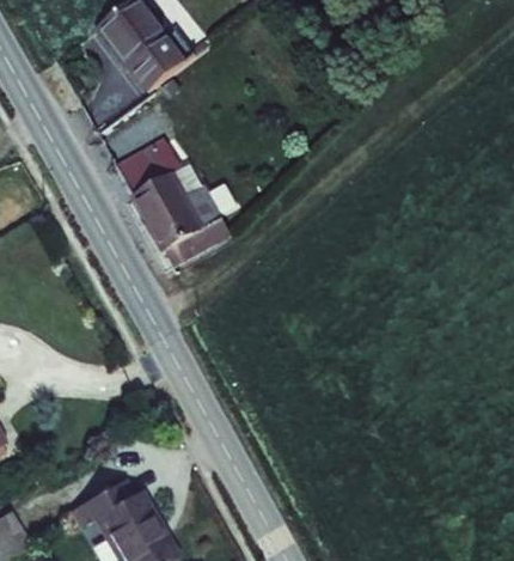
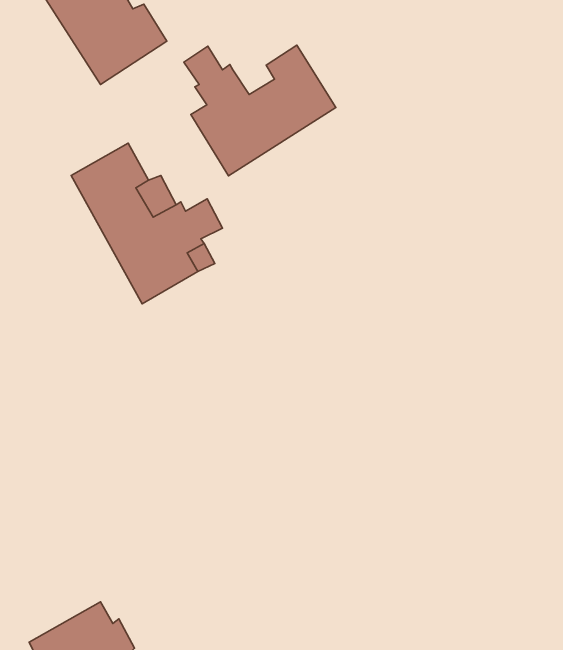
building: none -> [184,45,336,176]

